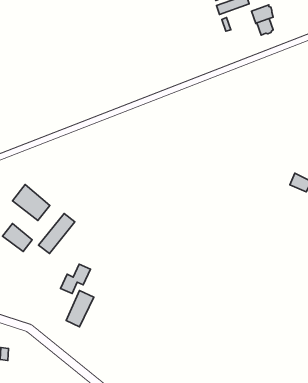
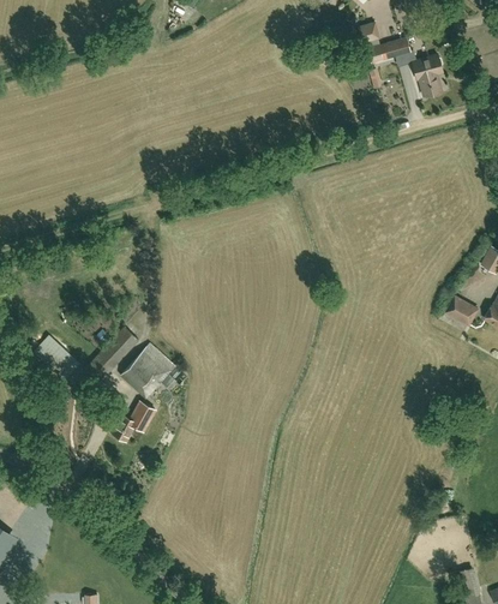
building: [12,185,50,221] -> none
building: none -> [121,343,175,400]
building: [66,291,94,327] -> none

